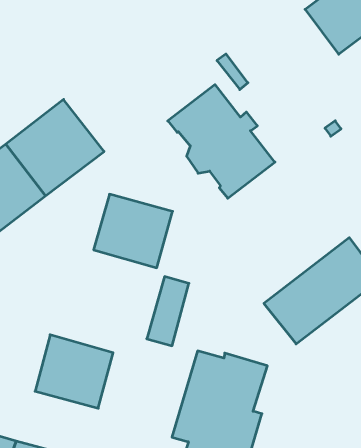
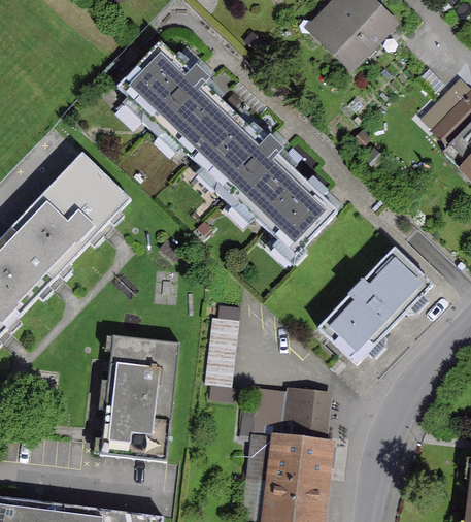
building: none -> [115,42,233,158]
building: none -> [264,177,336,253]
building: [94,194,173,268] -> [105,335,179,402]

